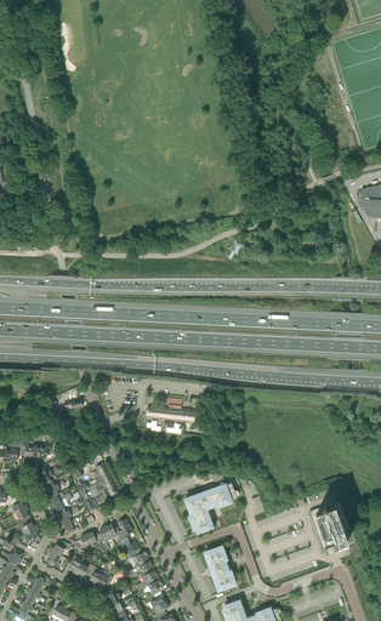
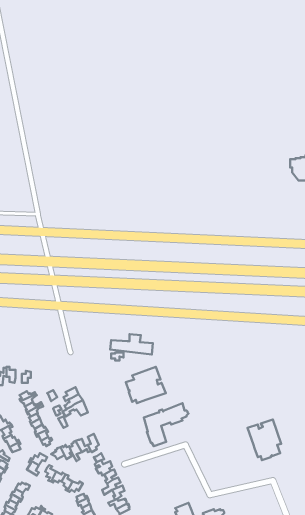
building: none -> [126,367,166,403]
building: [205,546,235,591] -> none

